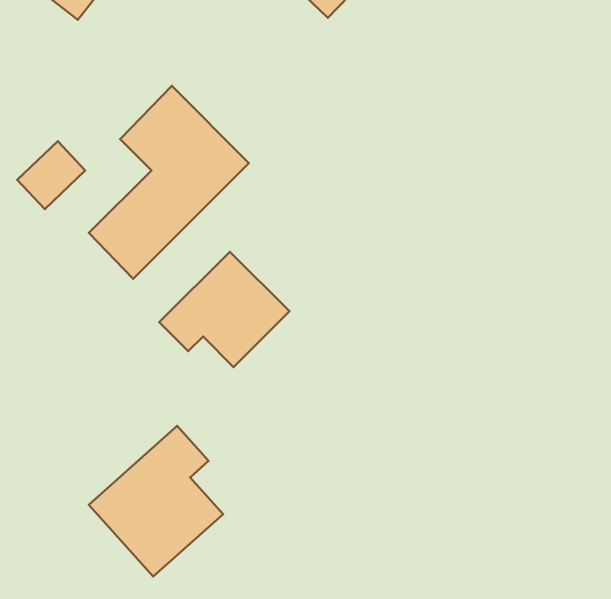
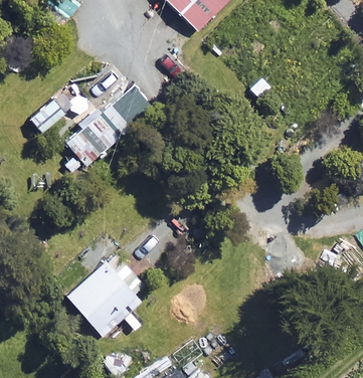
building: [159,252,289,367] -> none

